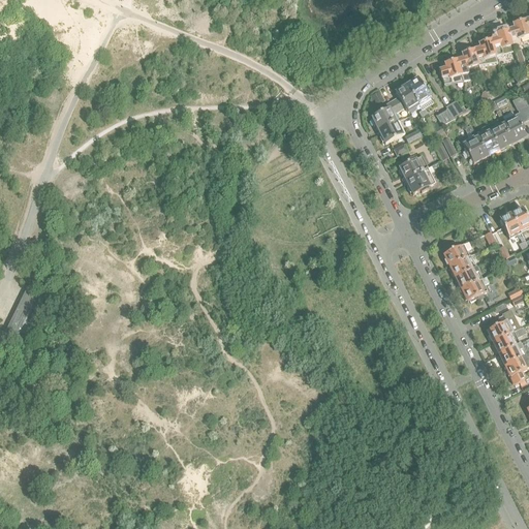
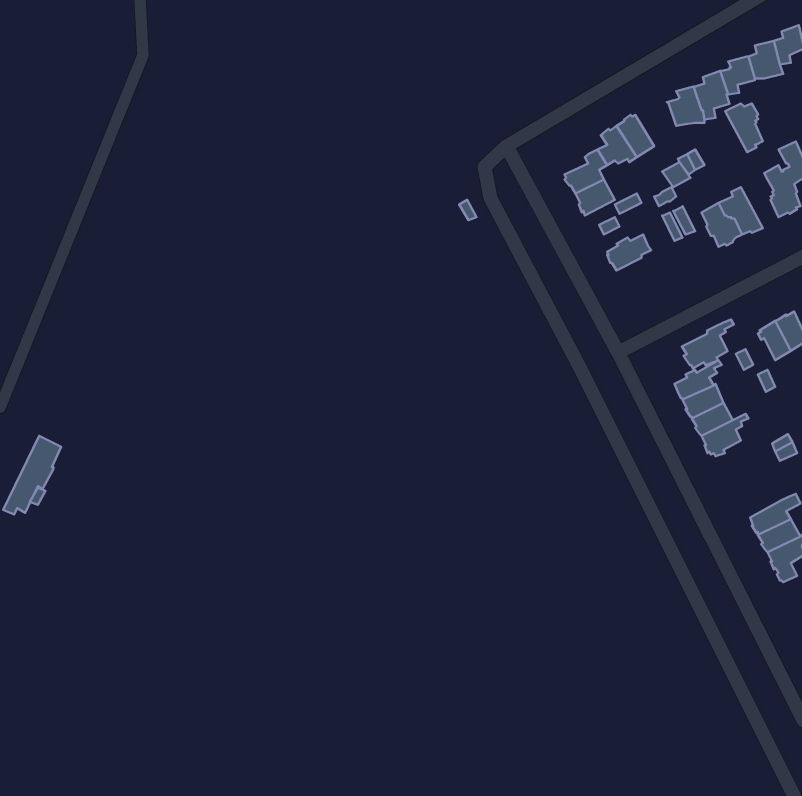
building: [488,118,512,150] -> [725,103,763,152]
building: [406,160,440,192] -> [682,320,734,368]
building: [488,313,519,340] -> none

